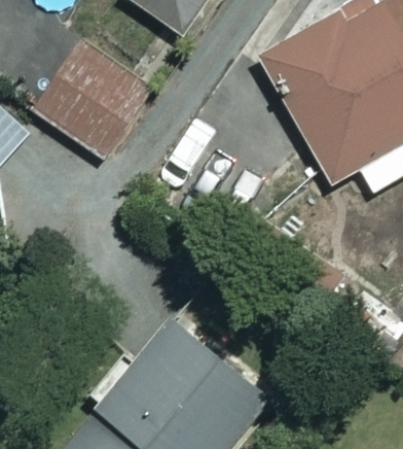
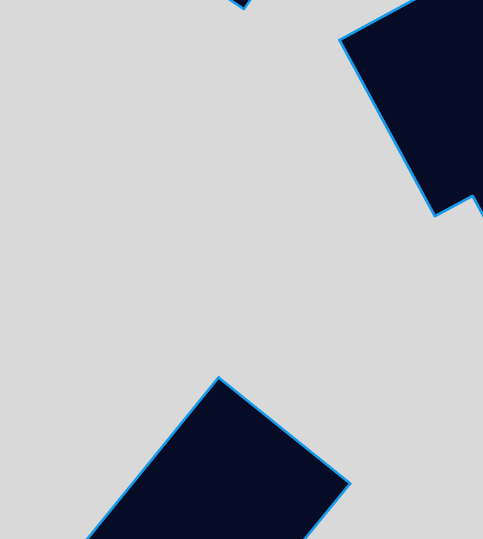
building: [29,55,156,159] -> none

